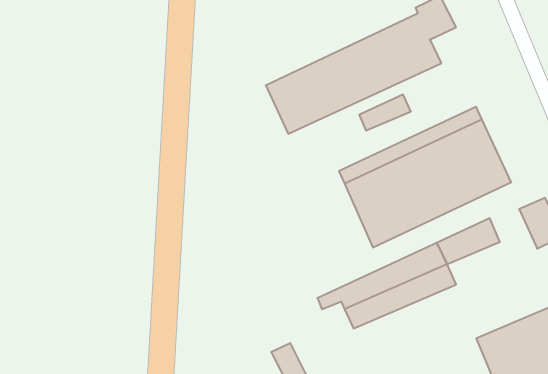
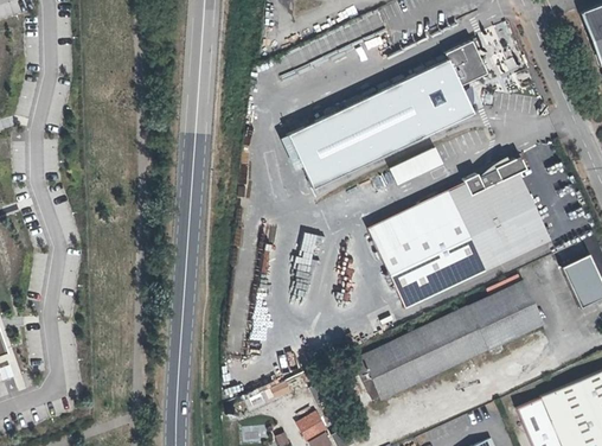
building: none -> [481,302,545,348]

